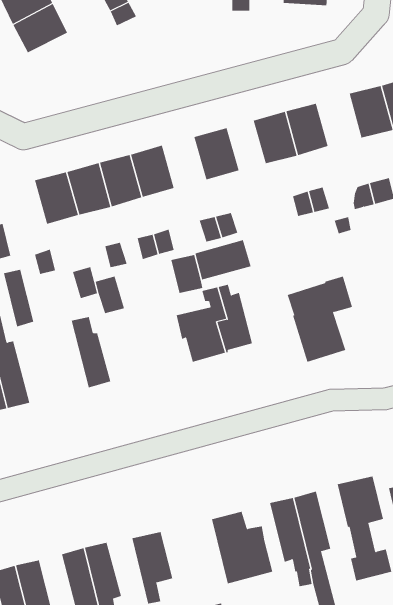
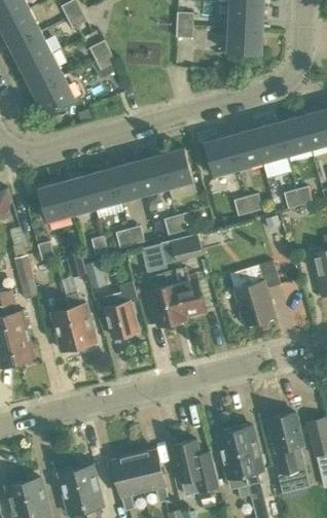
building: none -> [33,76,76,115]
building: none -> [253,123,287,163]
building: none -> [136,156,169,195]
building: none -> [105,281,138,338]
building: none -> [51,296,79,351]
building: none -> [135,450,169,504]

